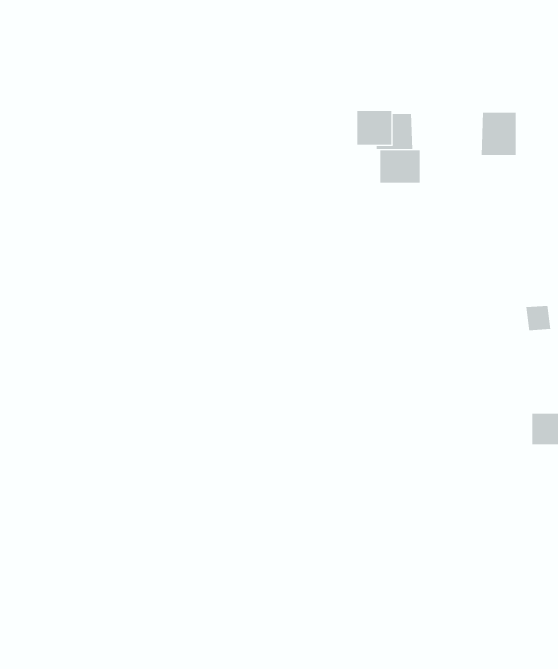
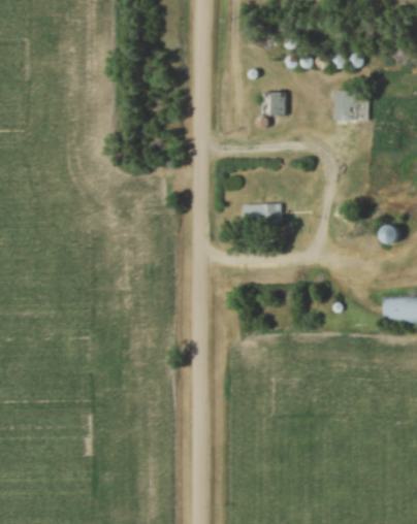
building: [380,150,420,184] -> none
building: none -> [239,202,280,224]

